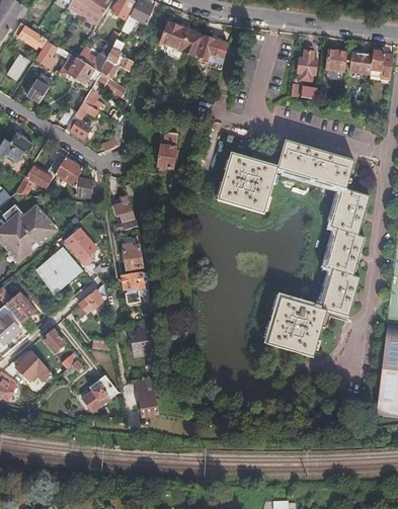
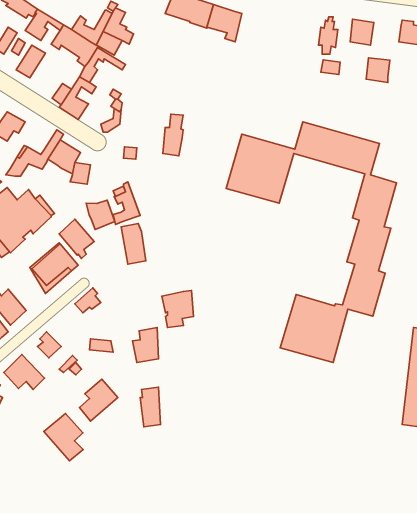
building: [350,52,372,74] -> [366,58,390,83]
building: none -> [86,200,115,229]
building: [123,269,151,303] -> [162,290,194,328]
building: none -> [44,414,83,461]

